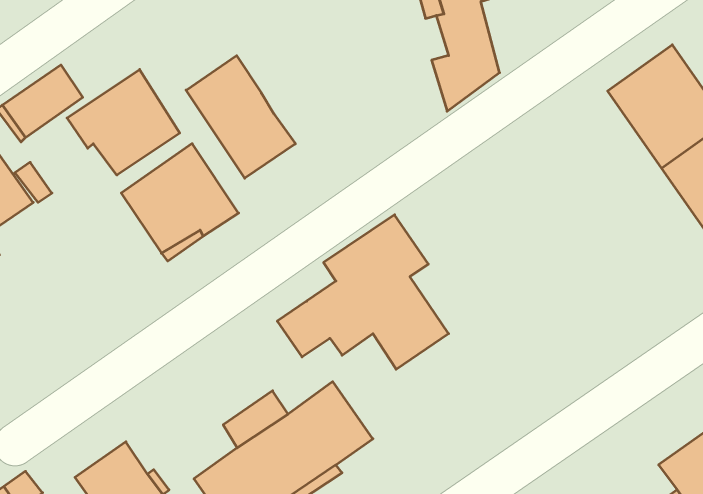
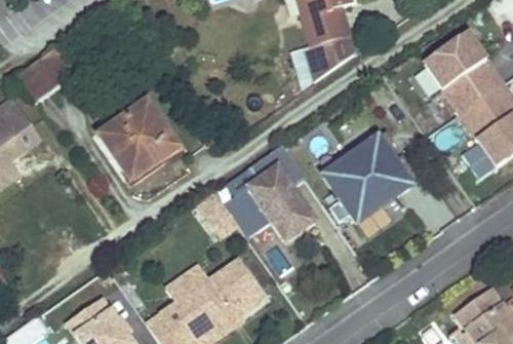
building: [186,56,295,178] -> none
building: [67,69,180,175] -> none
building: none -> [326,141,409,224]

